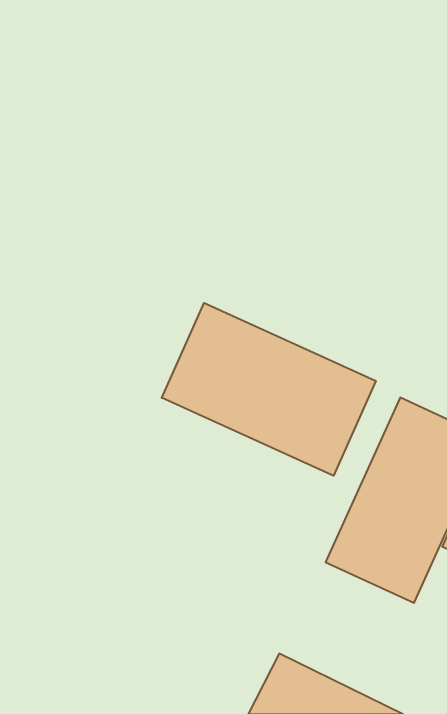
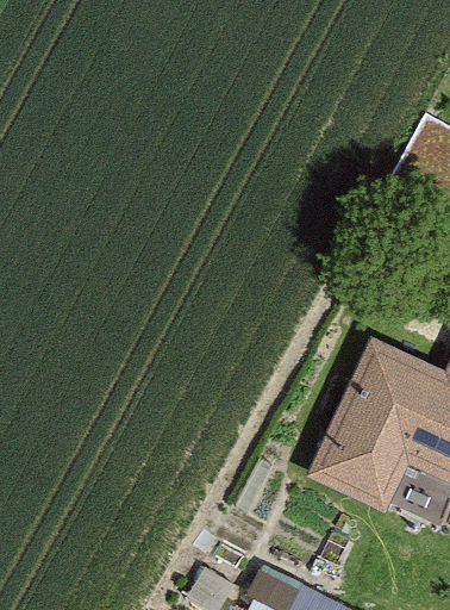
building: [162,303,376,476] -> none

